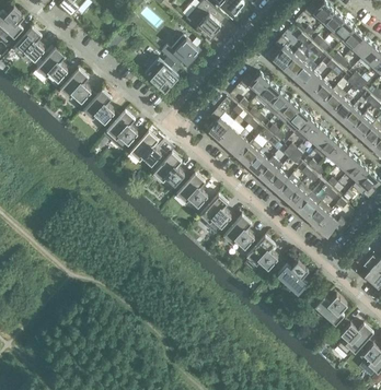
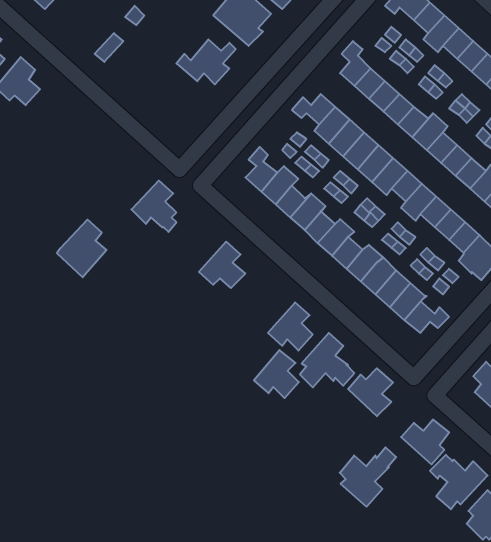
building: [143,58,177,92] -> none
building: [59,69,90,102] -> none
building: [82,91,113,122] -> none
building: [103,111,137,151] -> [57,220,107,277]
building: [152,153,183,185] -> none
building: [199,194,230,227] -> [254,350,299,398]
building: none -> [340,447,396,507]

